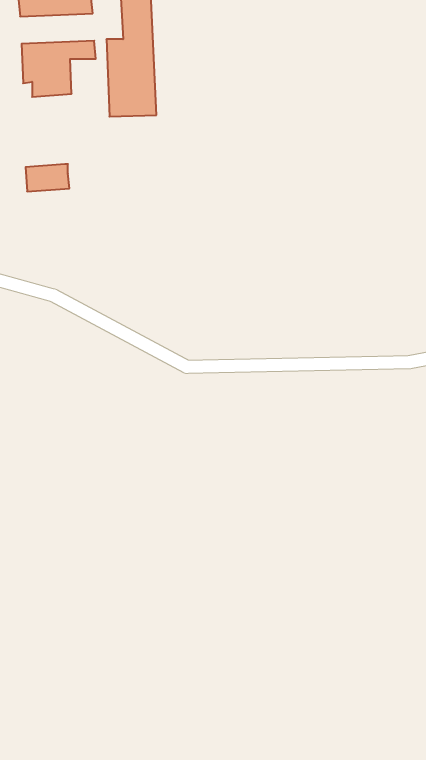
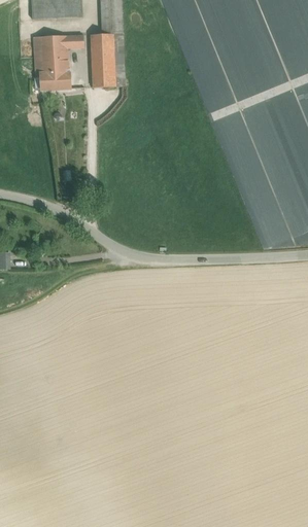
building: [26,164,69,191] -> [39,71,69,90]

